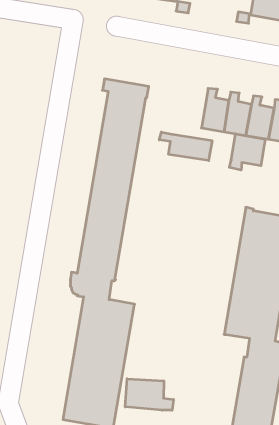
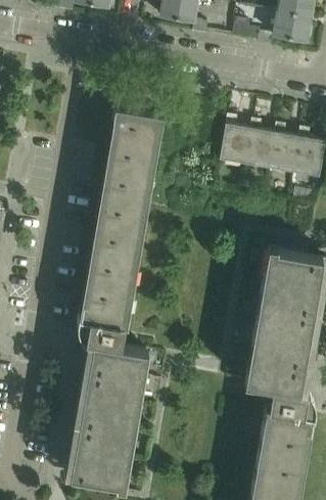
building: [159,132,212,161] -> none
building: [229,134,265,170] -> none
building: [125,379,173,410] -> none

